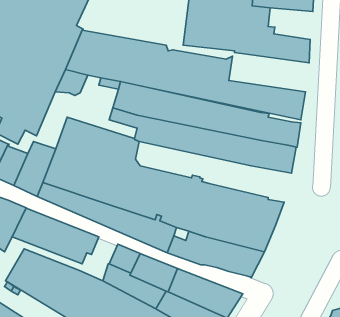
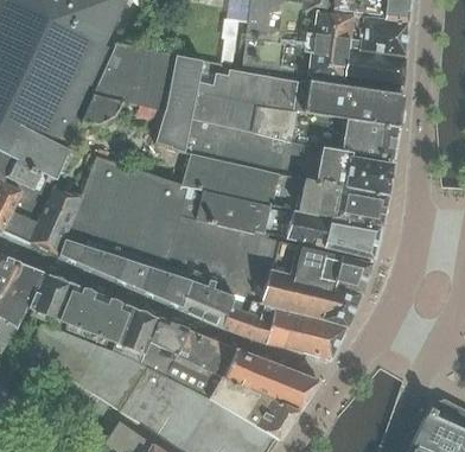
building: none -> [351,18,408,58]
building: none -> [301,79,402,125]
building: none -> [183,187,381,260]
building: none -> [112,308,160,364]

